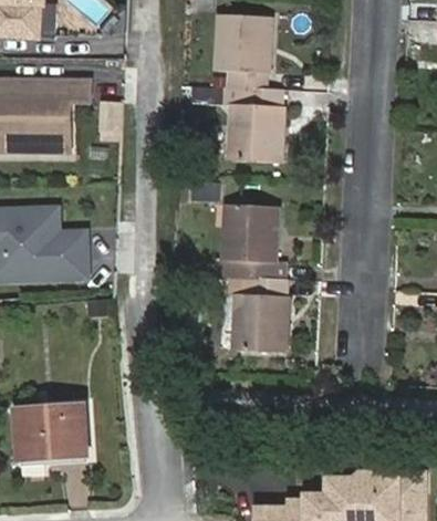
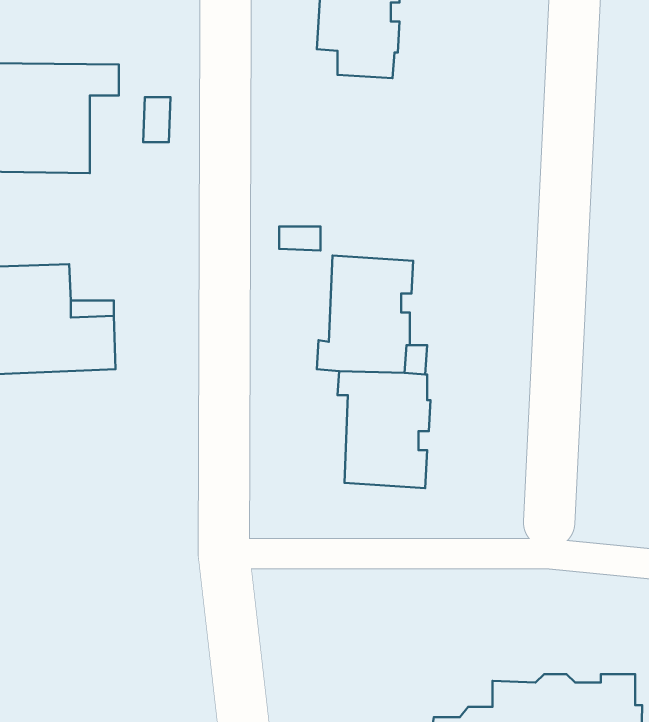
building: [227,87,283,163] -> none
building: [19,405,87,459] -> none

